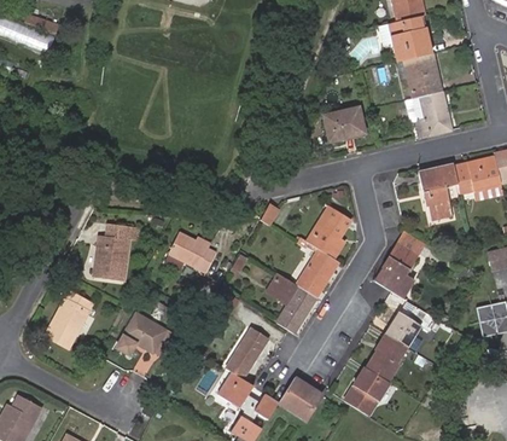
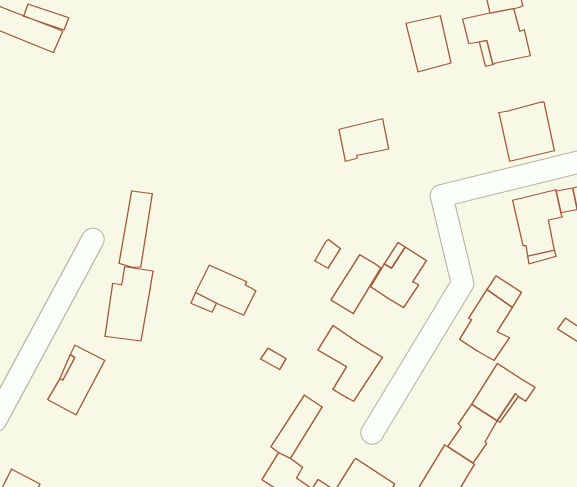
building: [404,56,441,100] -> [406,16,451,72]
building: [325,108,365,141] -> [339,119,389,161]
building: none -> [119,191,152,267]
building: [296,250,336,297] -> [331,255,381,314]
building: [118,308,175,350] -> none

